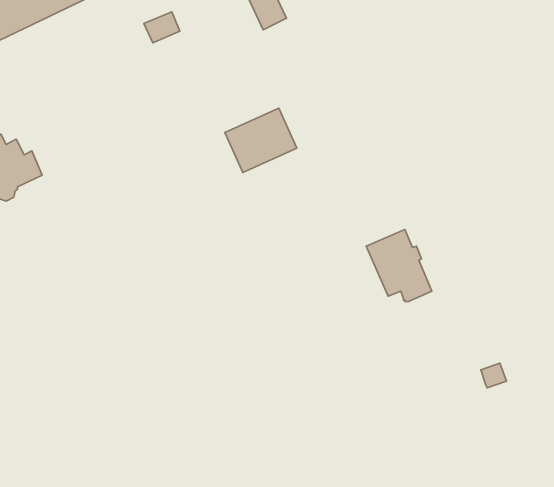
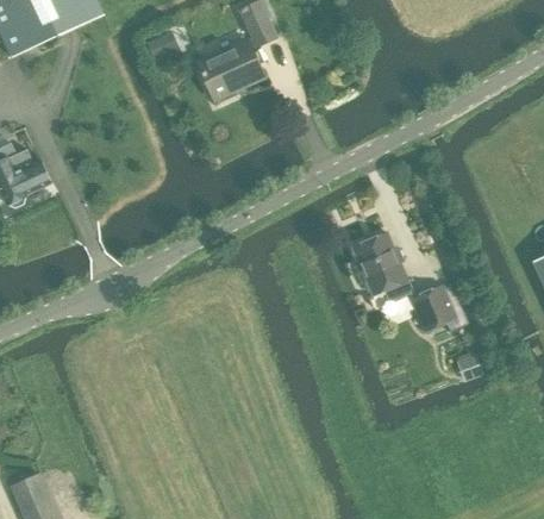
building: [225,108,297,172] -> [195,39,262,99]
building: none -> [408,284,455,331]

